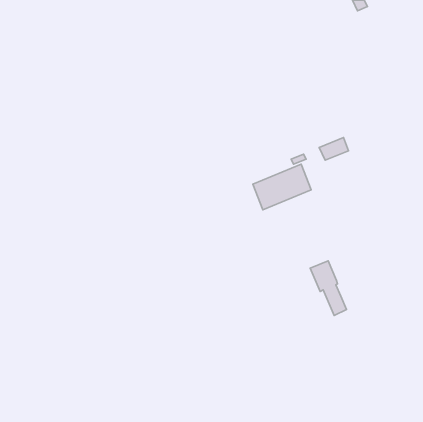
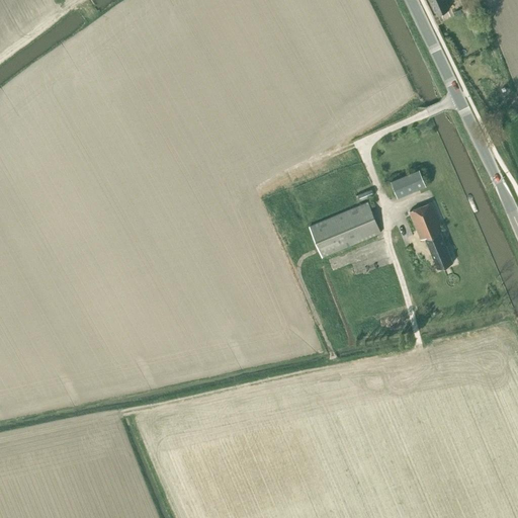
building: [310,261,347,315] -> [408,203,452,270]

